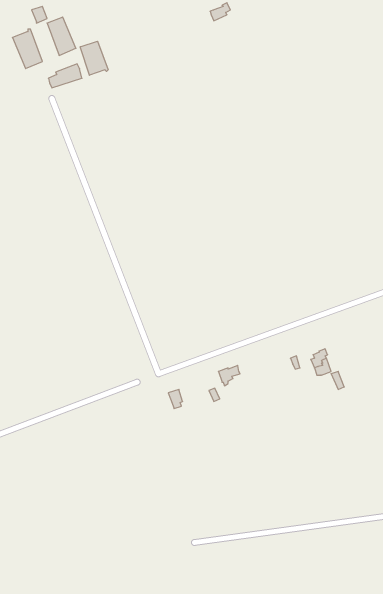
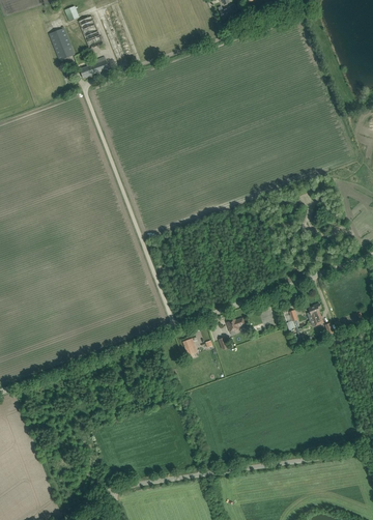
building: [80,41,108,75] -> none

